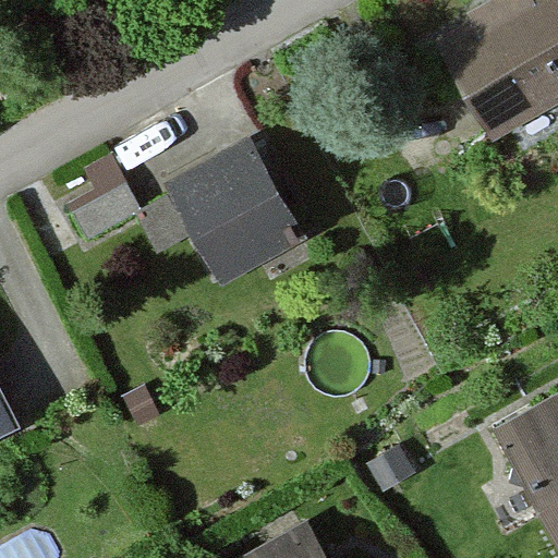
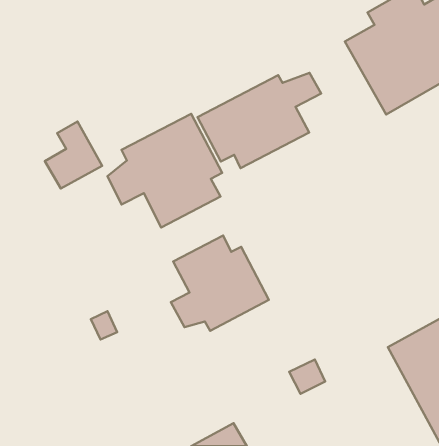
building: none -> [198,73,321,168]
building: none -> [171,235,269,331]

